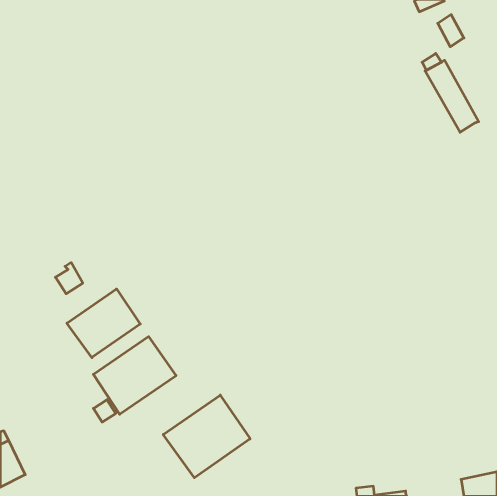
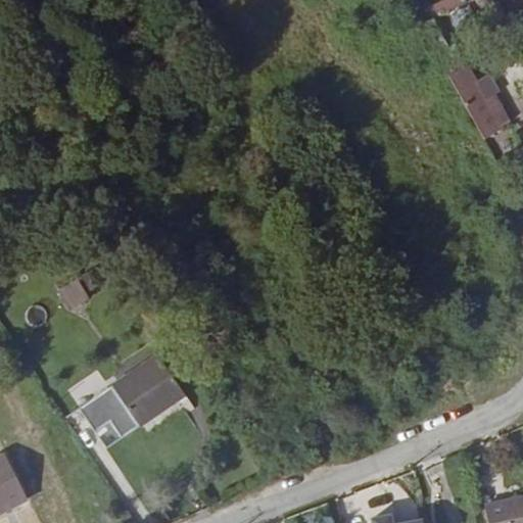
building: [67,289,140,358] -> none
building: [163,395,250,478] -> none

